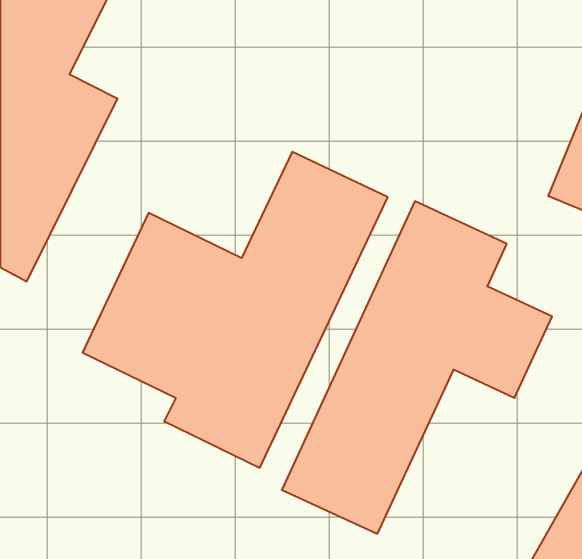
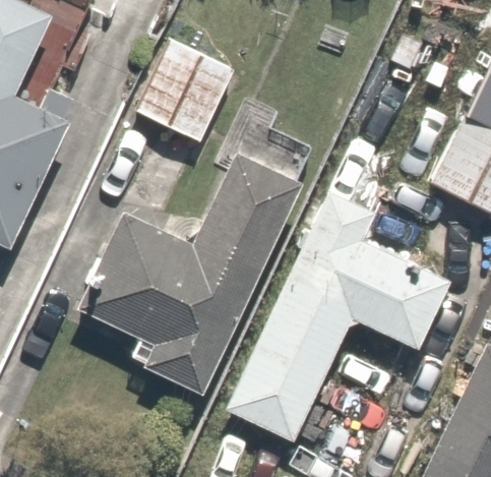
building: none -> [132,42,235,147]

